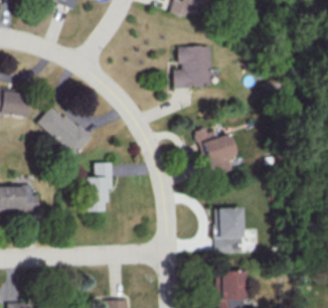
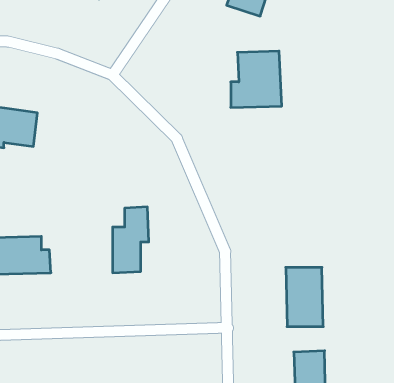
building: [38,104,92,155] -> none
building: [198,128,236,176] -> none

